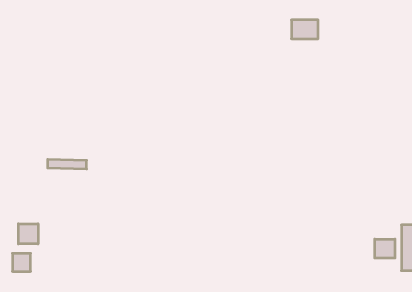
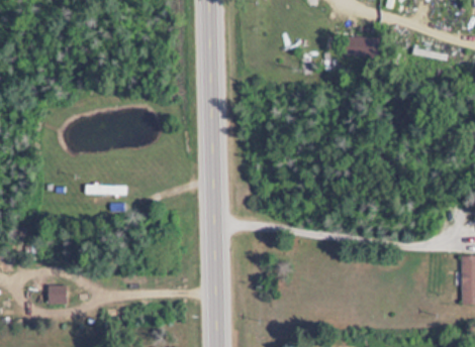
building: [18,224,38,244] -> none
building: [375,239,395,258] -> none

